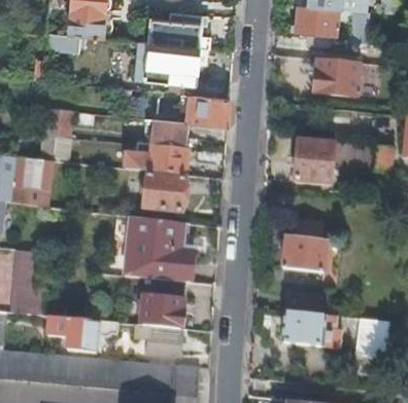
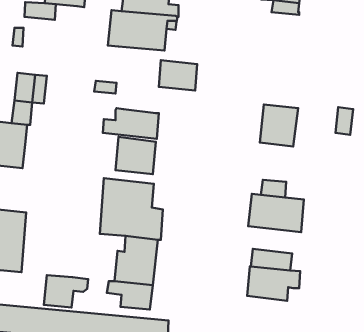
building: [312,59,359,97] -> none
building: [150,118,188,149] -> none
building: [355,318,389,357] -> none

